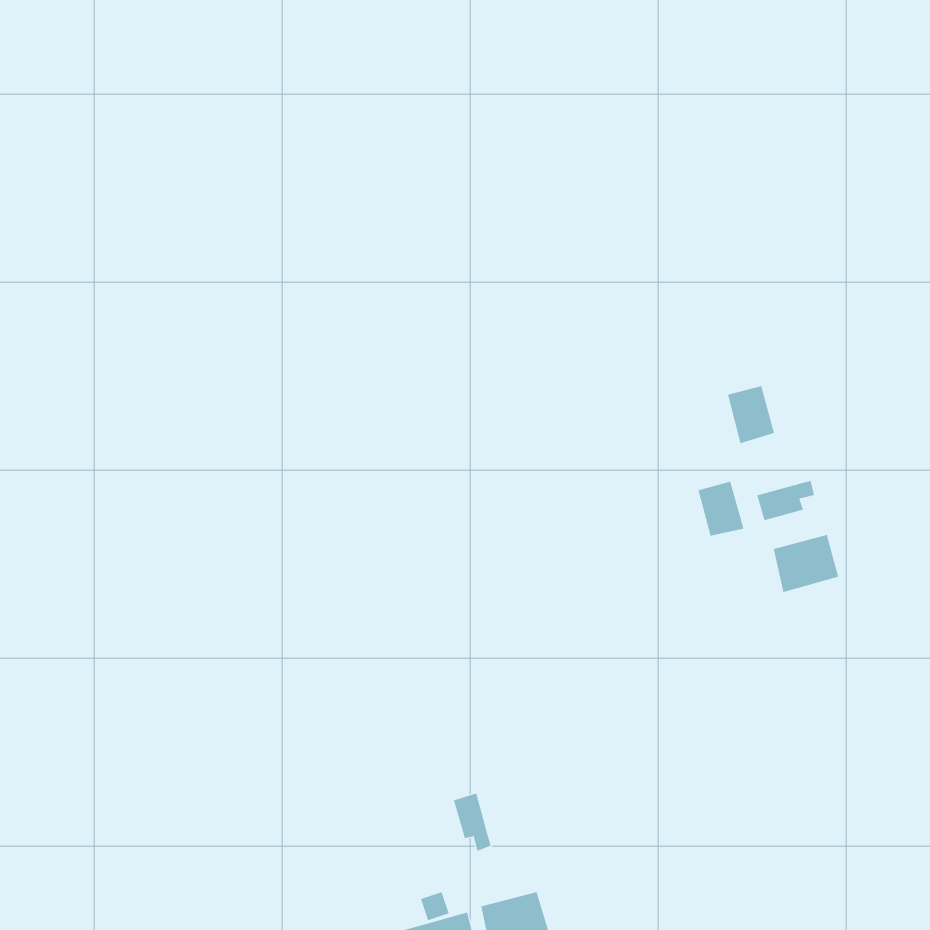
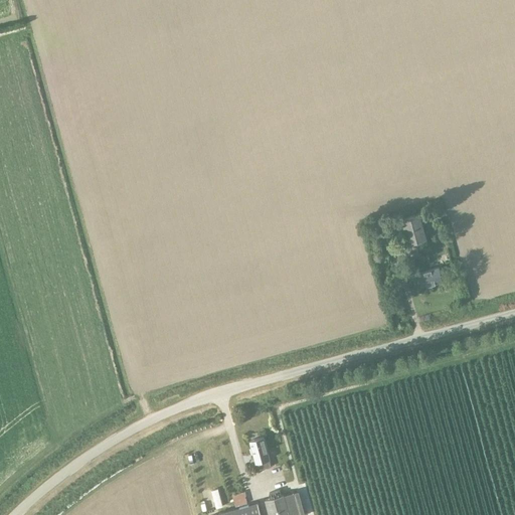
building: [698,481,744,537] -> none
building: [773,534,839,593] -> none

